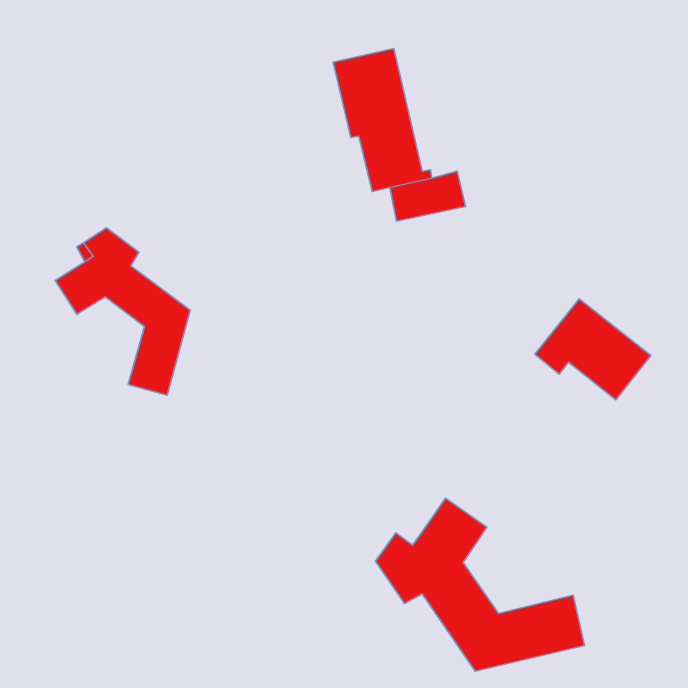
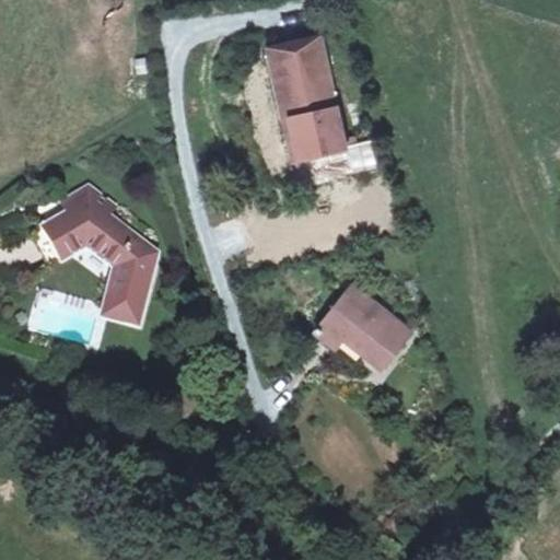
building: [535,299,651,400] -> [315,284,409,366]
building: [376,498,584,671] -> none

